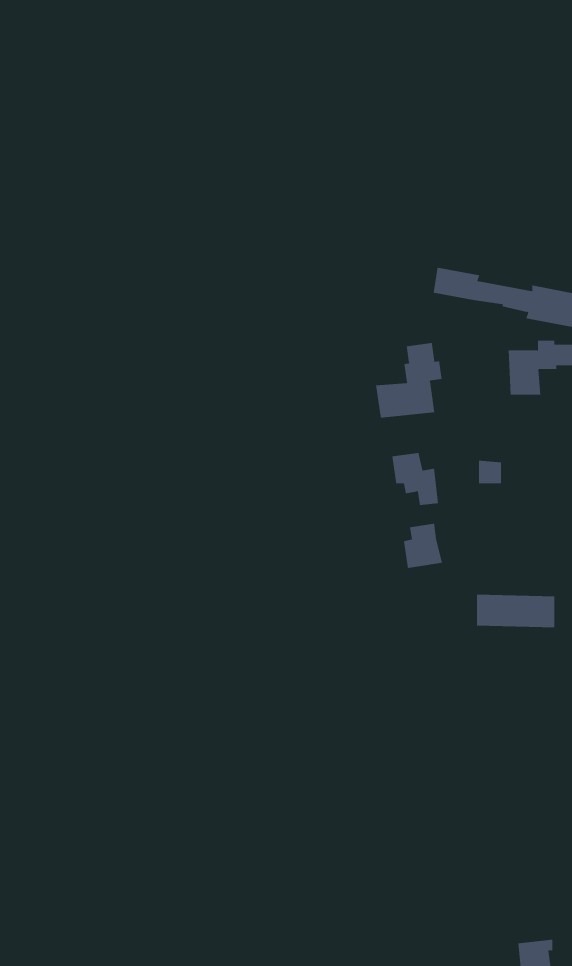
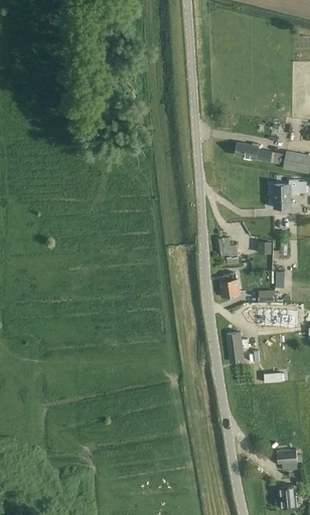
building: [376,342,442,419] -> none
building: none -> [225,332,248,361]
building: none -> [275,449,298,470]

